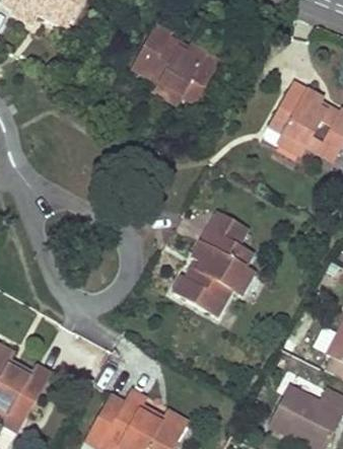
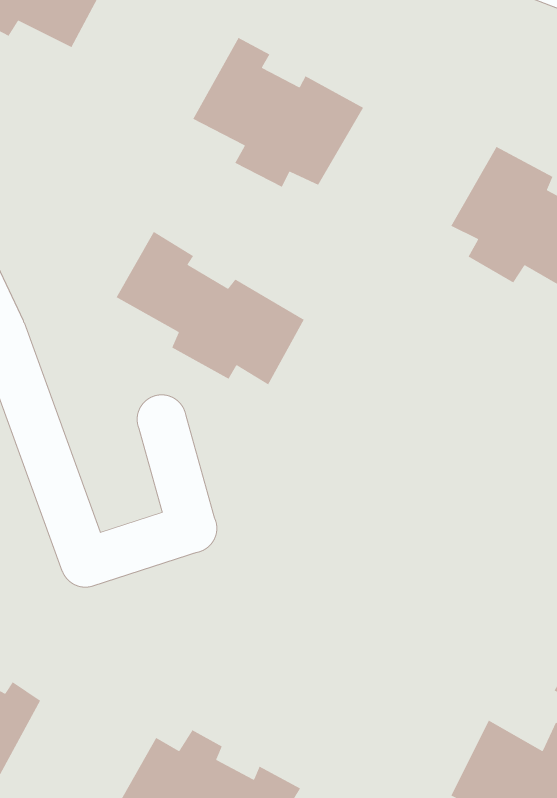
building: none -> [116,231,305,385]
building: [173,210,255,316] -> none

